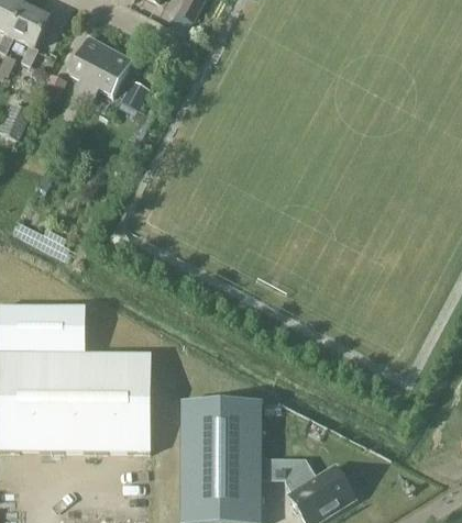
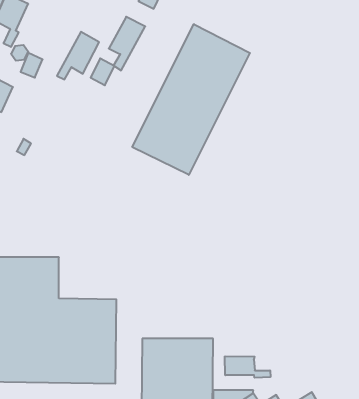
building: [67,35,109,97] -> [109,17,145,70]
building: none -> [132,24,250,175]
building: none -> [225,356,270,378]

